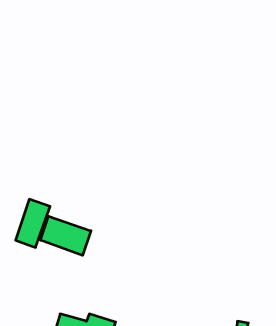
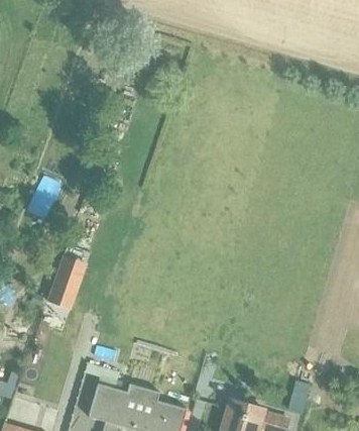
building: [41,216,91,255] -> none

